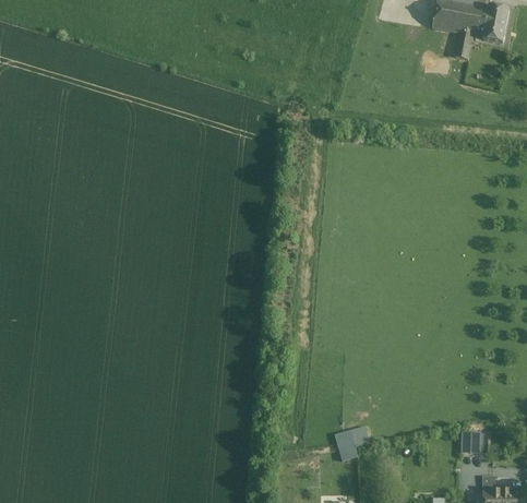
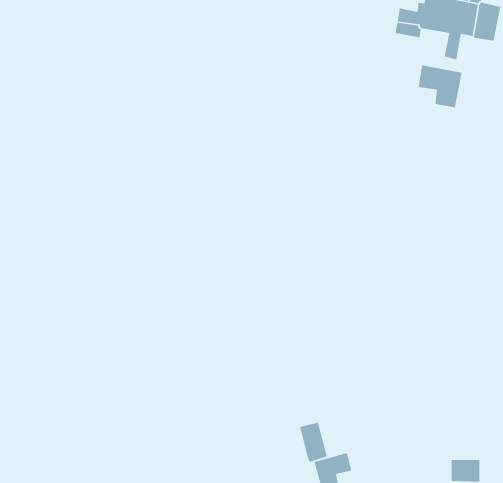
building: none -> [418,64,462,108]
building: none -> [299,422,328,463]

